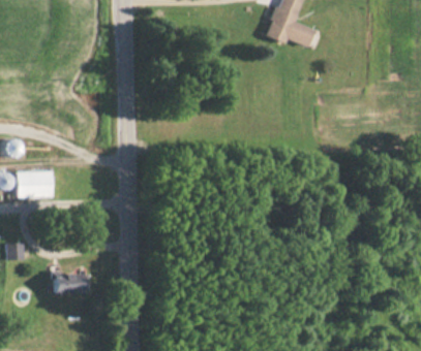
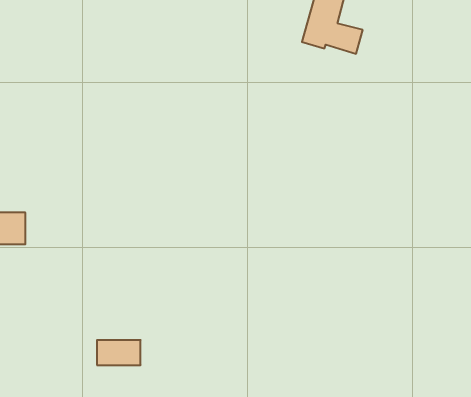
building: [55,273,89,292] -> [97,340,141,365]

